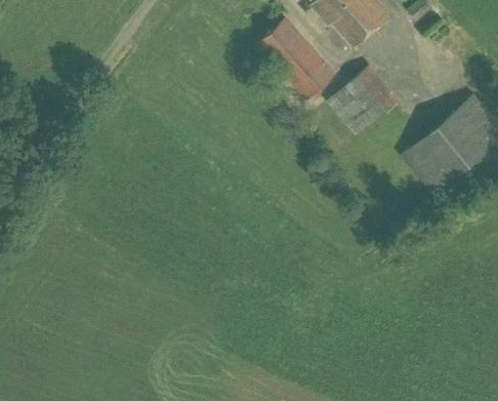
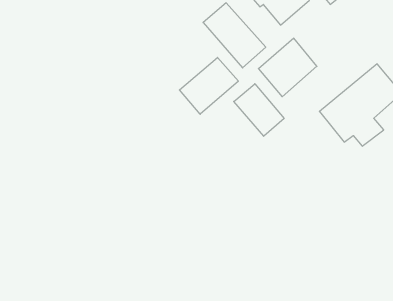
building: none -> [179,57,238,114]
building: none -> [234,84,284,136]

